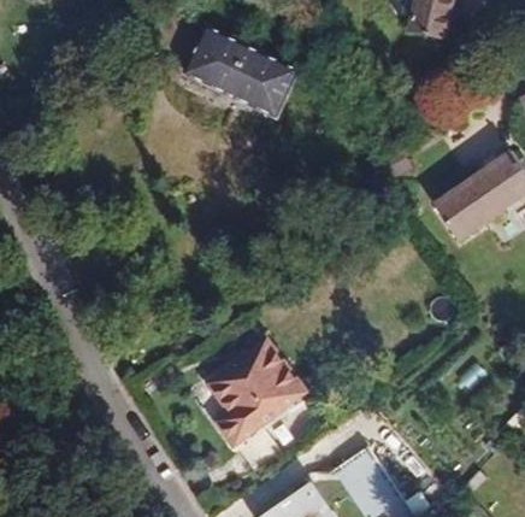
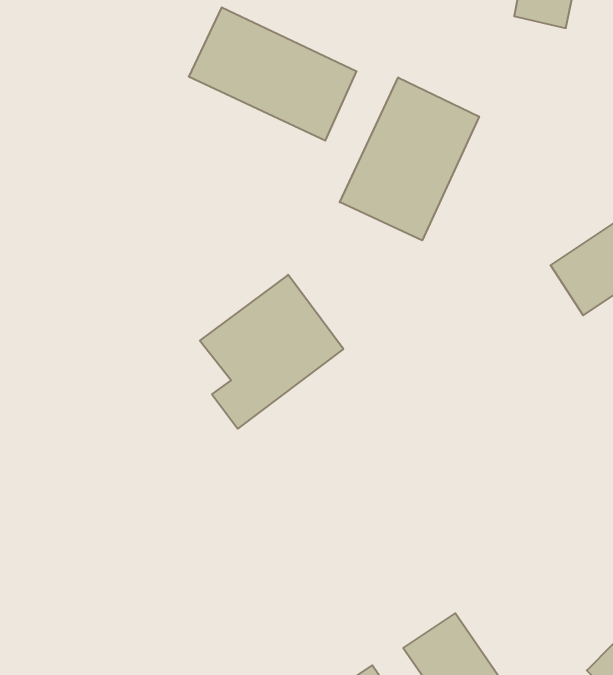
building: none -> [340,77,479,240]
building: [206,339,306,446] -> [200,275,343,429]

